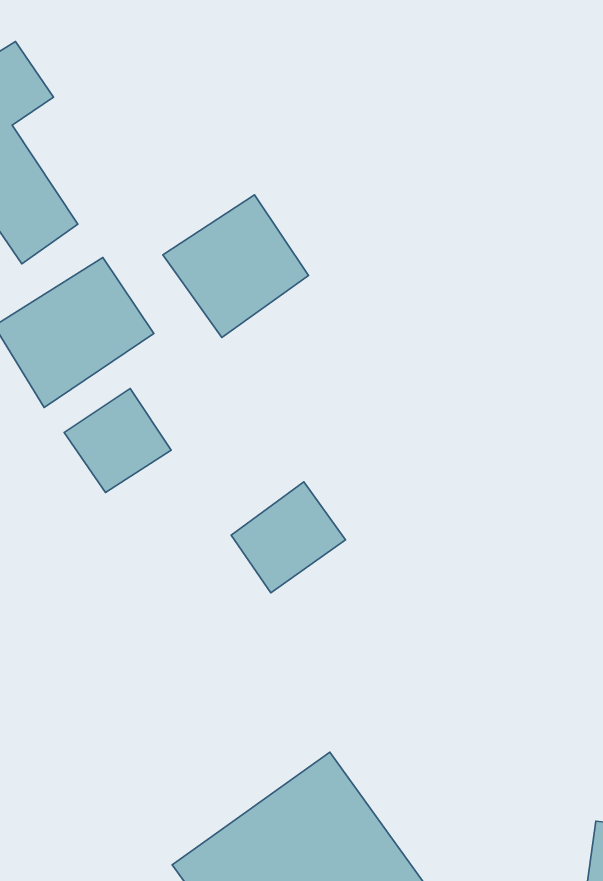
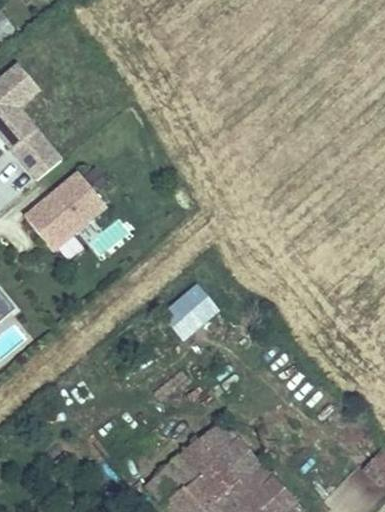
building: [163,195,308,338] -> none
building: [64,389,171,492] -> none

